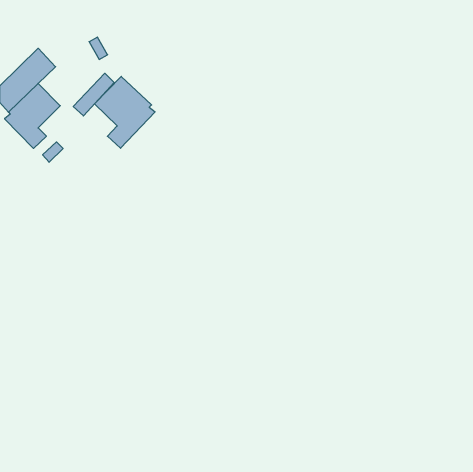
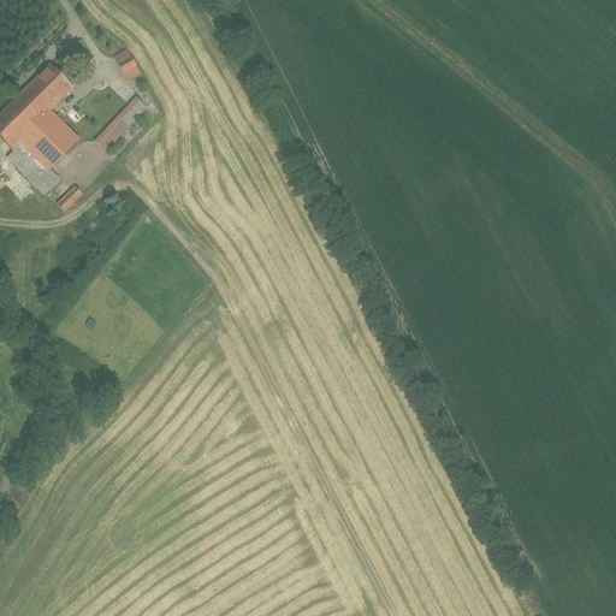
building: [95,76,155,148] -> none

